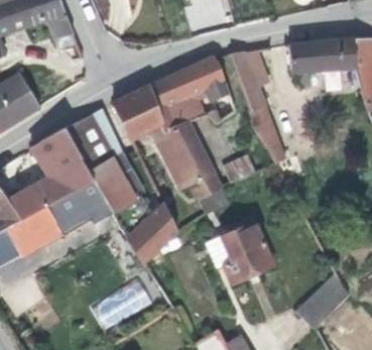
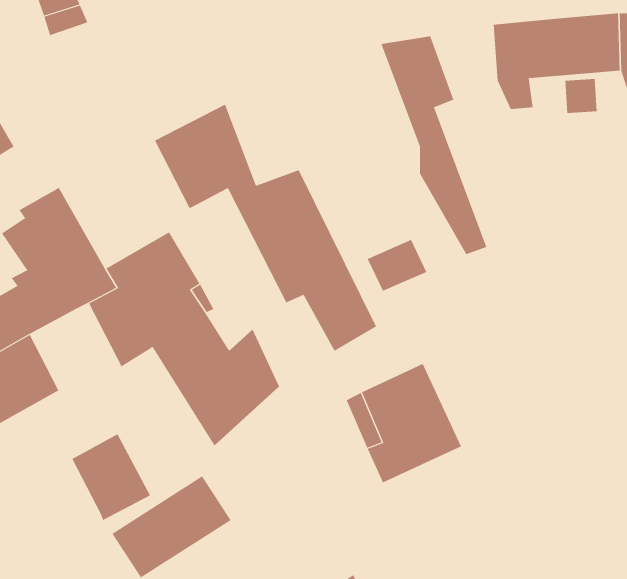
building: [150,55,237,127] -> none
building: [64,110,121,170] -> none
building: [48,192,90,237] -> [71,434,151,521]
building: [298,273,349,327] -> none

